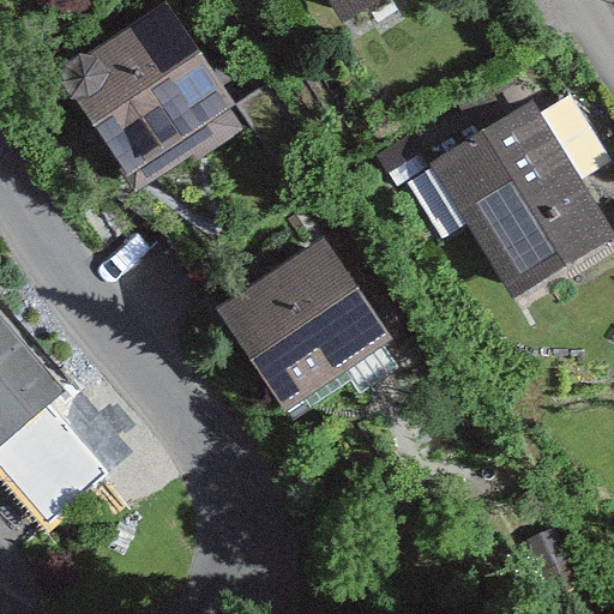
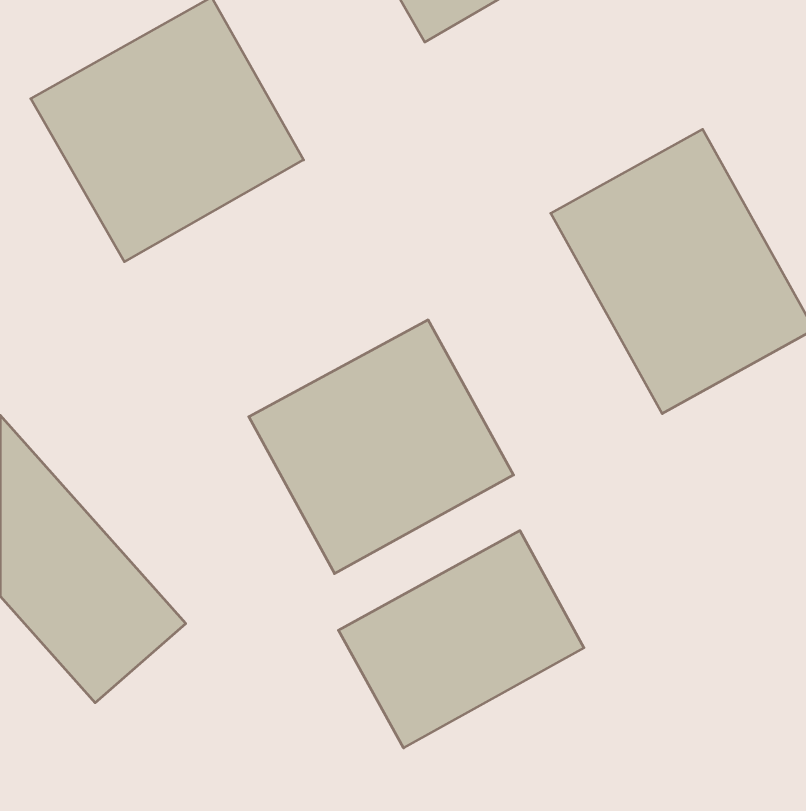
building: none -> [338,531,584,748]

